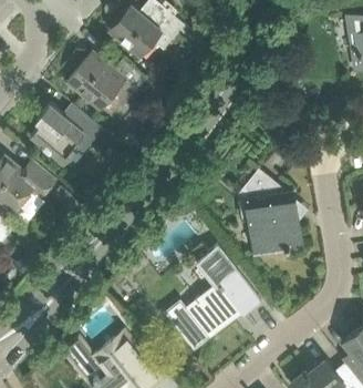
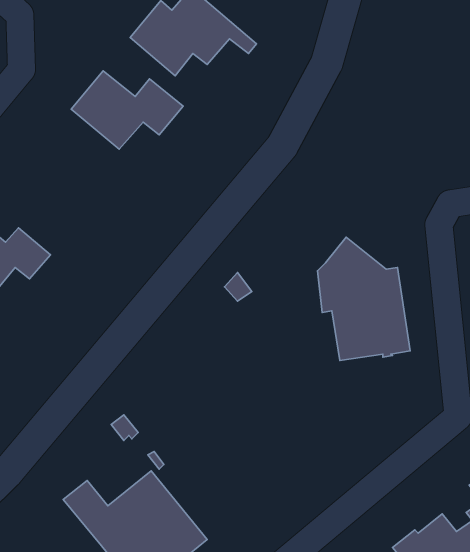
building: [29,103,102,164] -> none
building: [163,244,260,349] -> none

